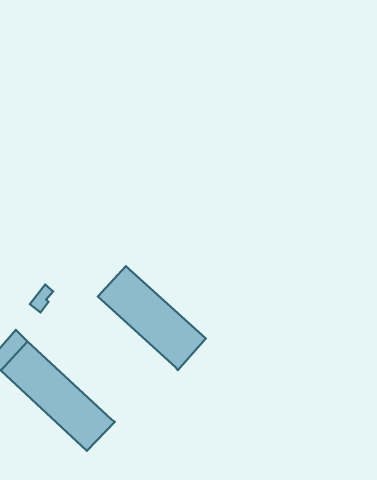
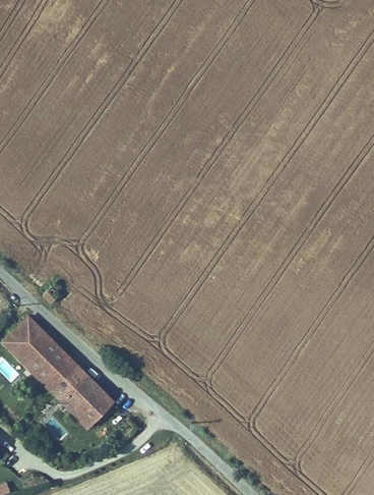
building: [98,266,206,370] -> none

